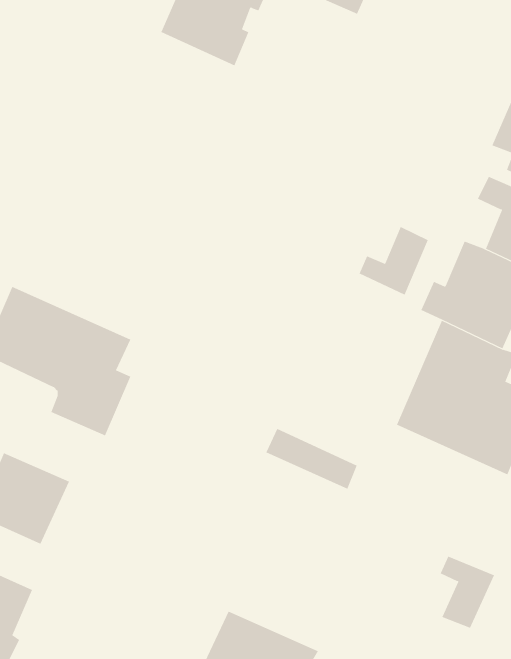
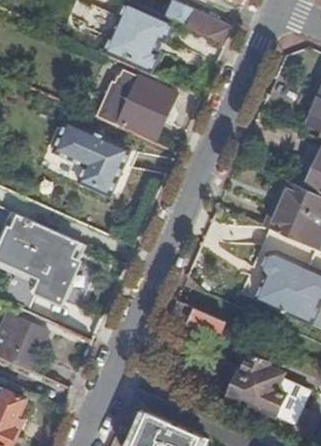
building: none -> [96,70,174,136]
building: none -> [52,120,131,197]
building: [359,226,429,295] -> none
building: none -> [228,353,286,415]

